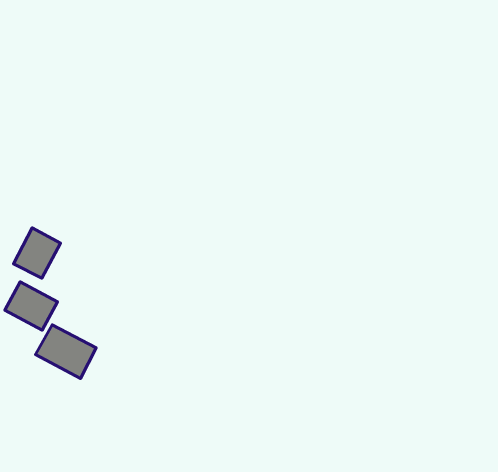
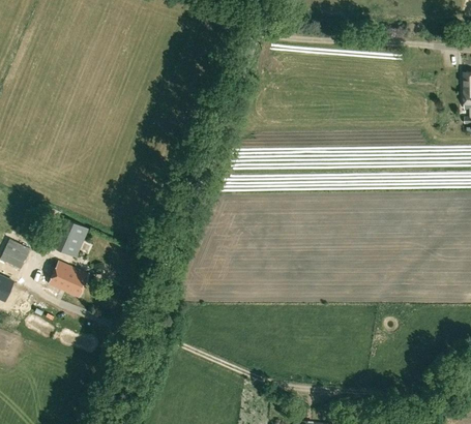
building: [35,325,96,379] -> none

